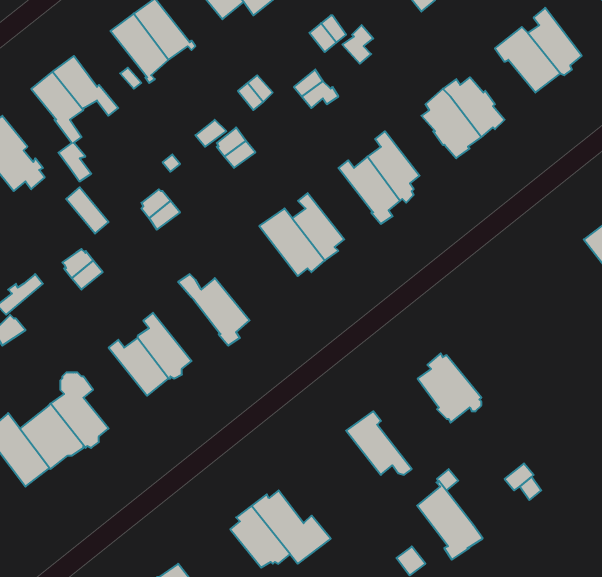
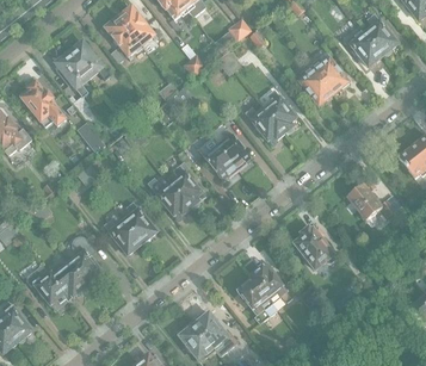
building: none -> [169,161,206,207]
building: none -> [347,181,402,221]
building: [417,481,483,560] -> [237,274,278,323]

